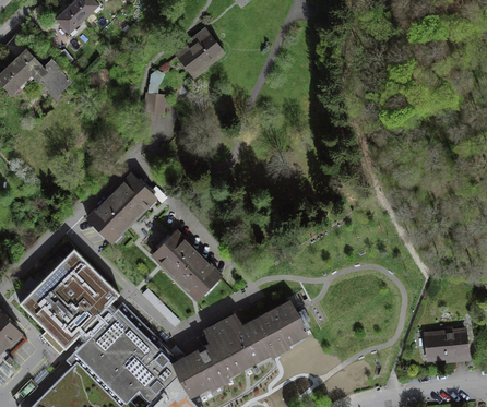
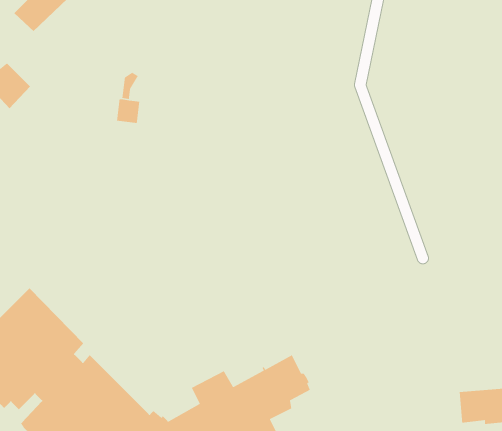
building: [176,29,222,75] -> none
building: [87,175,154,241] -> none
building: [152,231,219,298] -> none

